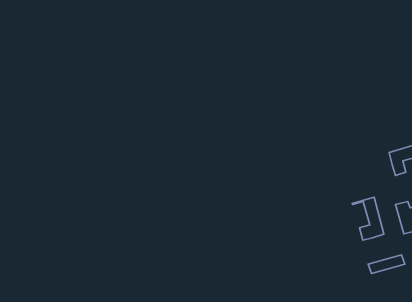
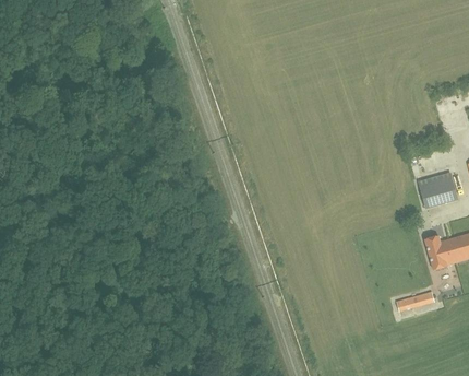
building: [352,197,384,240] -> none

